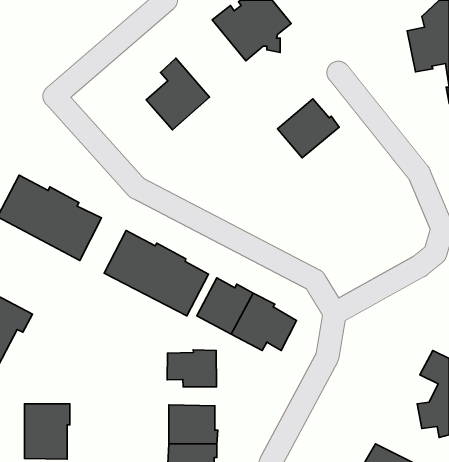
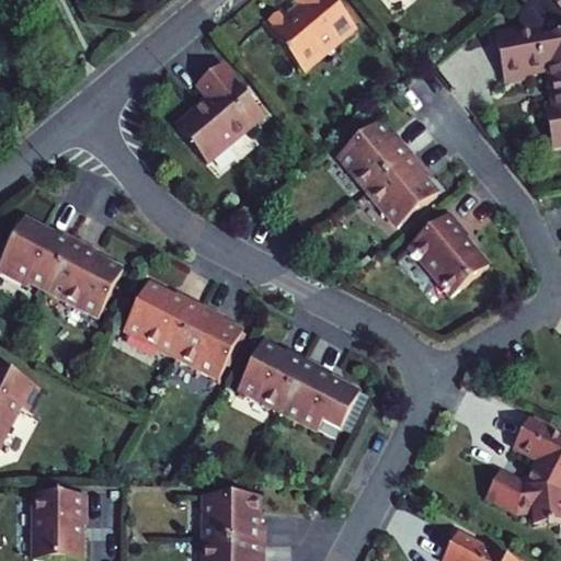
building: none -> [365,156,438,229]
building: none -> [412,208,494,294]
building: [167,350,216,387] -> none

